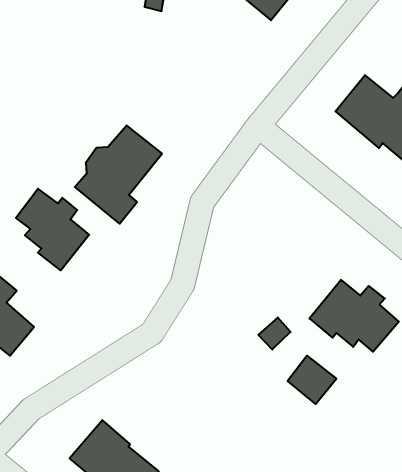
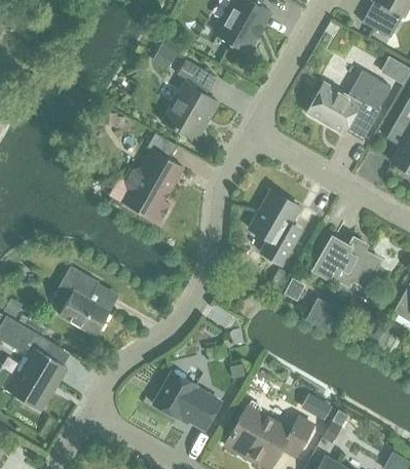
building: none -> [161,60,219,142]
building: [16,189,89,270] -> none
building: none -> [250,191,300,265]

